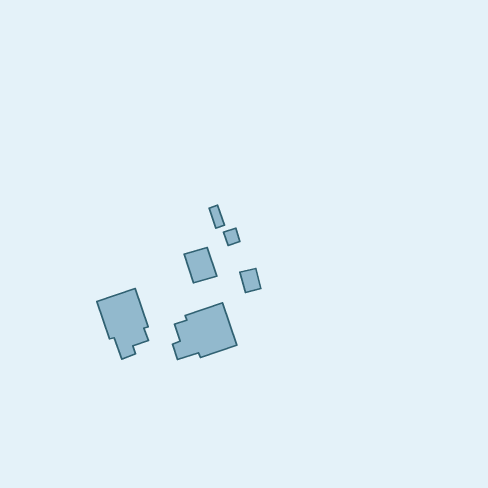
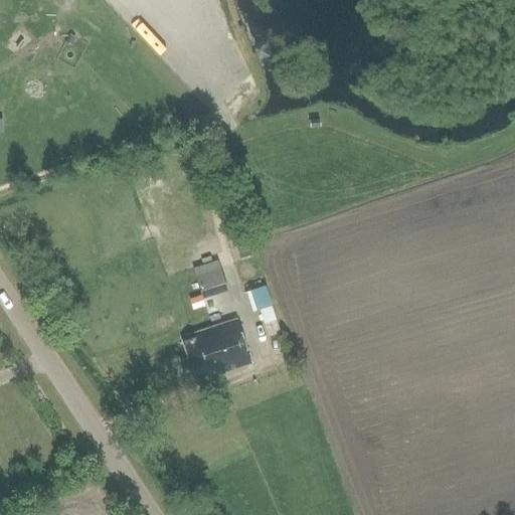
building: [97,289,148,359] -> none

